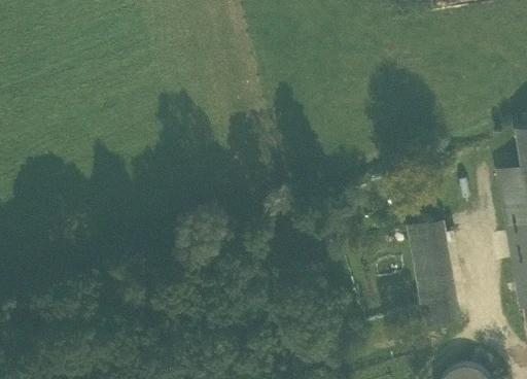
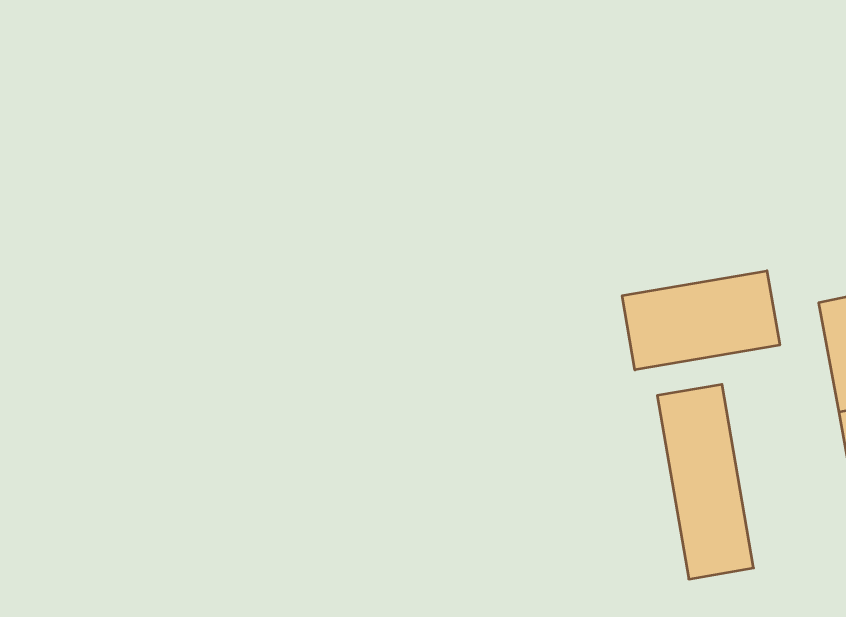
building: none -> [622,271,780,370]

